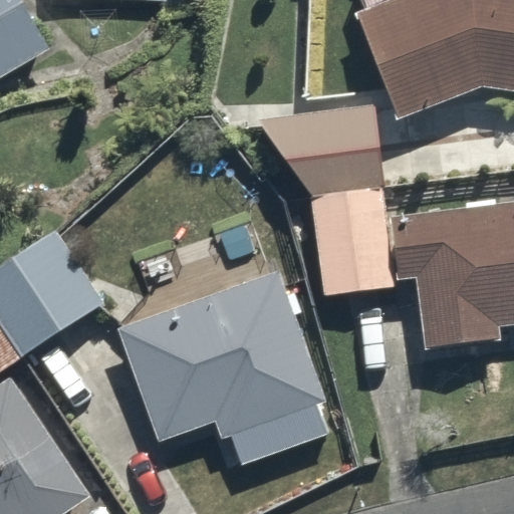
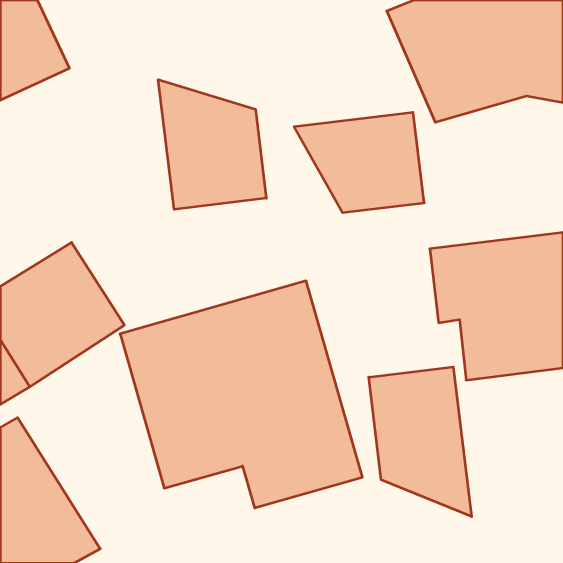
building: none -> [158,80,266,209]
building: [312,185,400,303] -> none
building: none -> [369,367,472,517]

